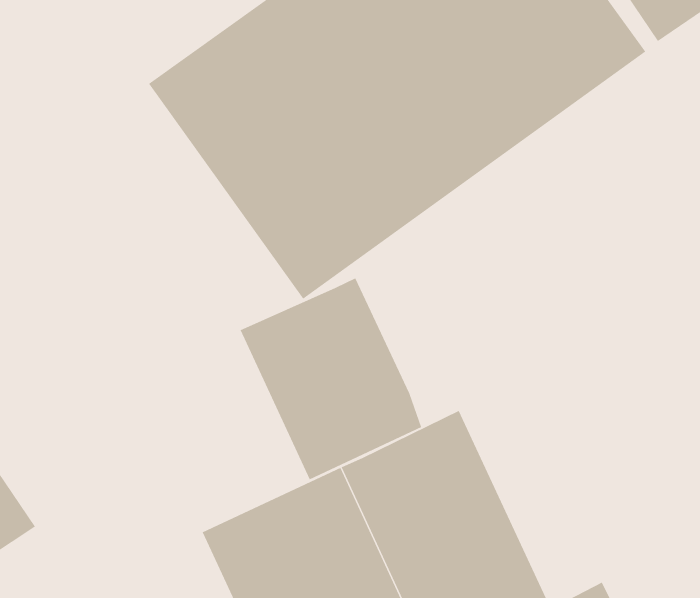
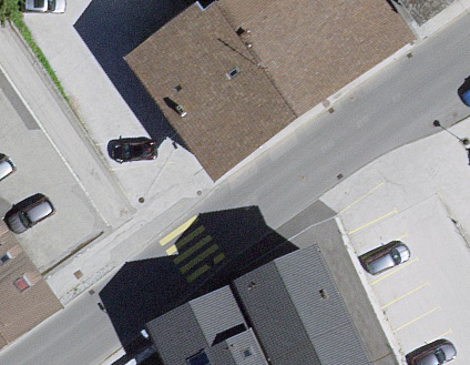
building: [240,278,422,480] -> none

